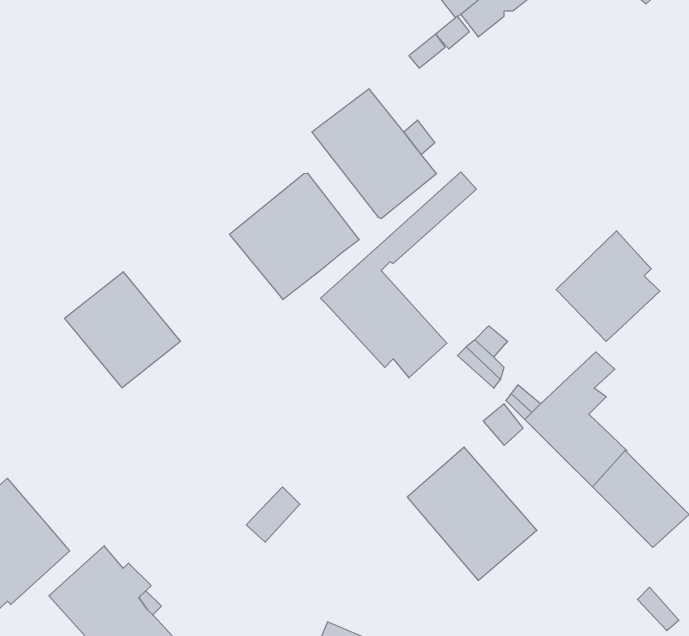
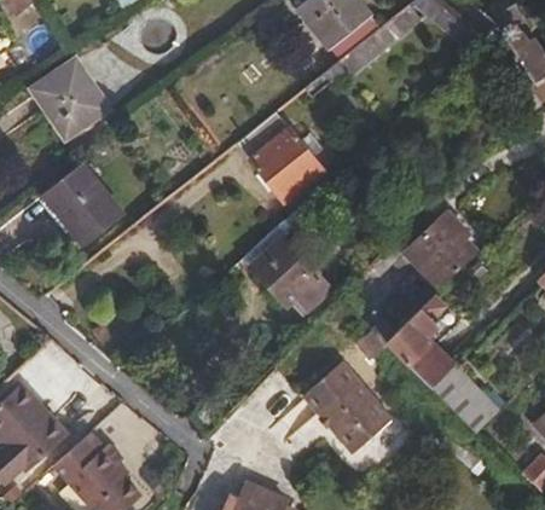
building: none -> [30,58,109,139]
building: [230,173,359,300] -> none
building: [65,272,181,388] -> [42,164,123,245]

